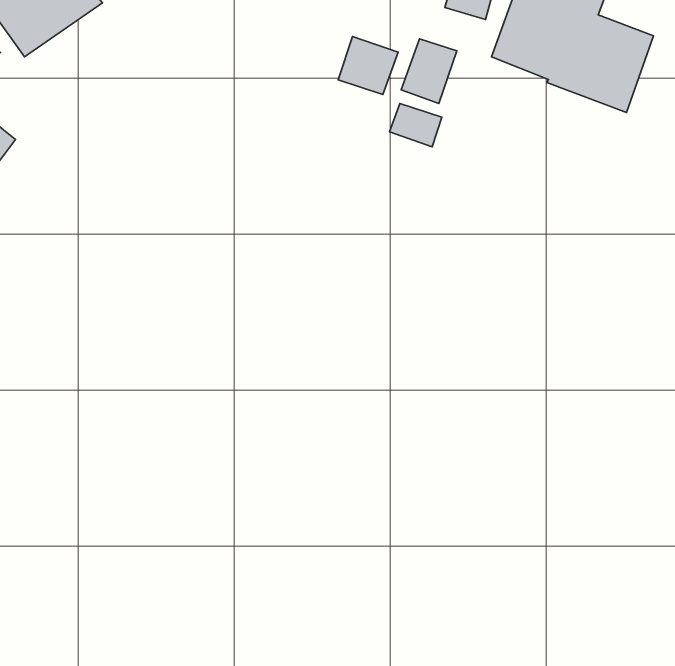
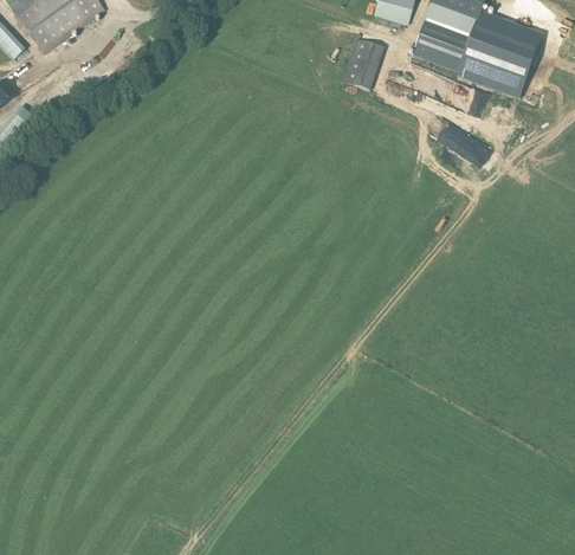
building: [338,36,398,95] -> none
building: [389,103,442,147] -> none

